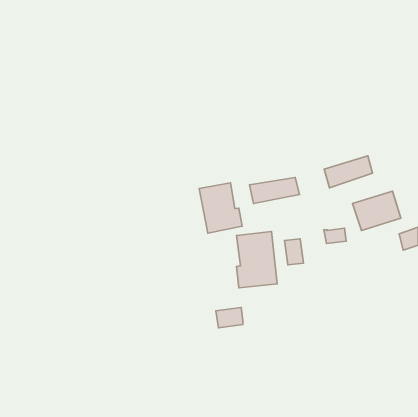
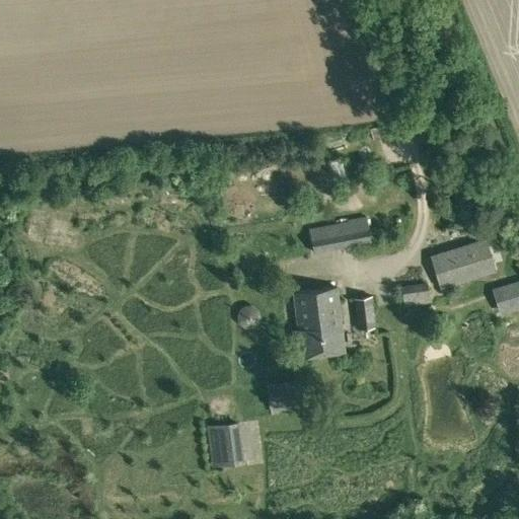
building: [324,156,372,188] -> none
building: [199,183,242,233] -> none
building: none -> [212,425,245,466]

